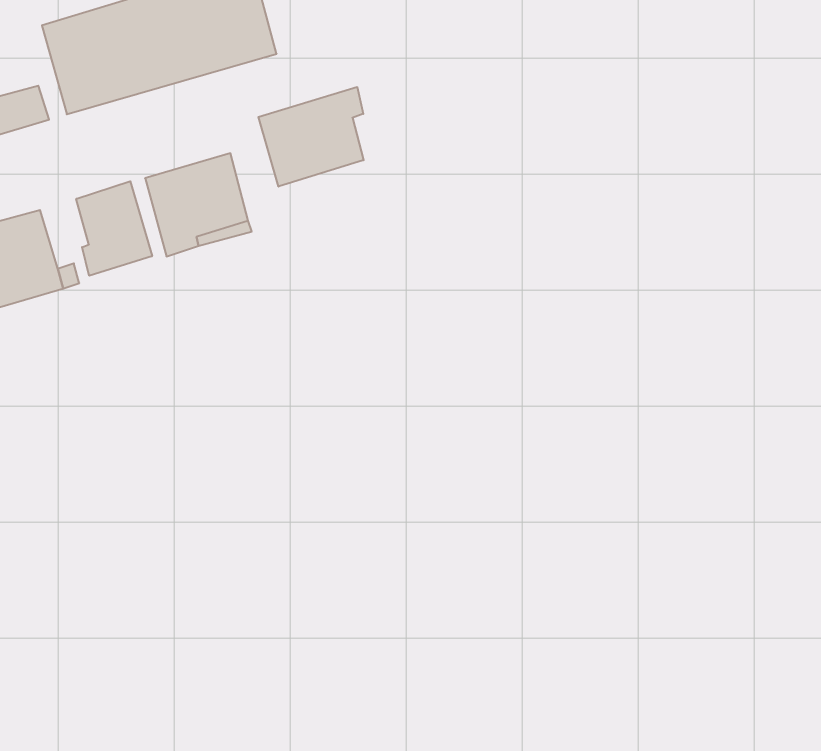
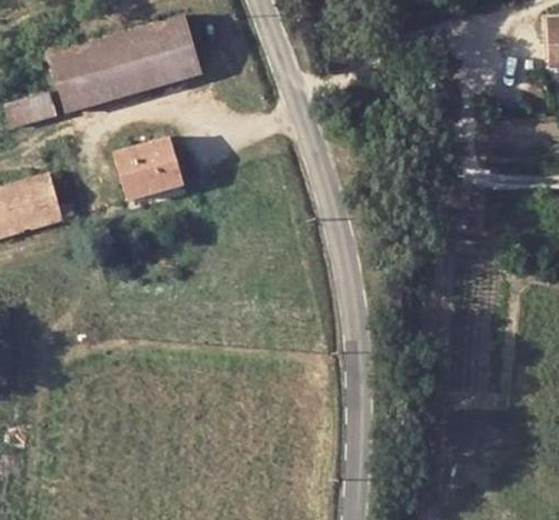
building: [258,87,364,187] -> none
building: [76,181,152,276] -> none

